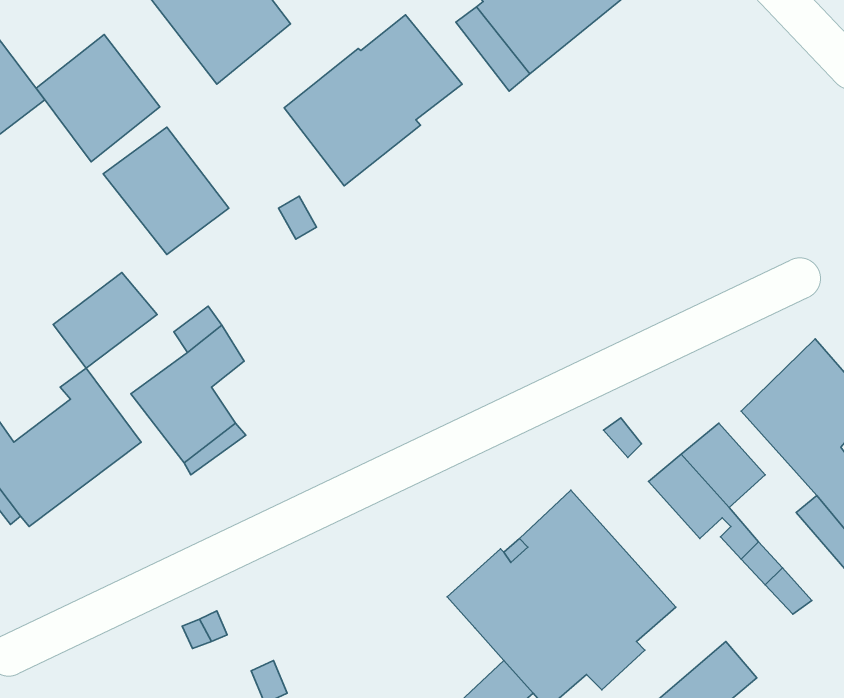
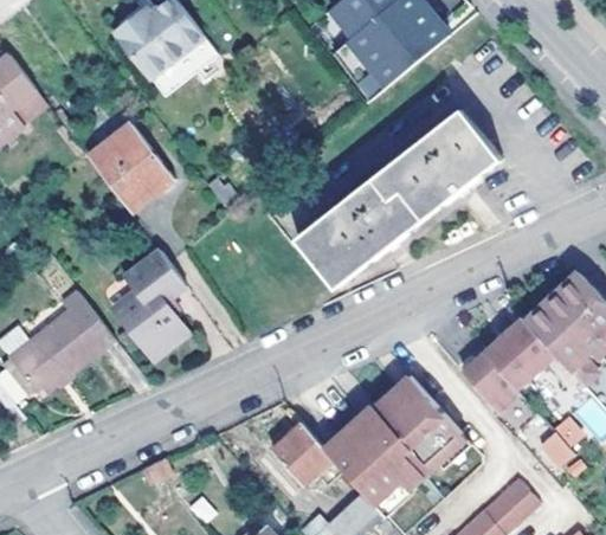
building: [284,15,462,186] -> none
building: [36,35,160,162] -> none
building: none -> [297,107,503,285]
building: [53,273,157,368] -> none
building: none -> [271,421,343,489]

